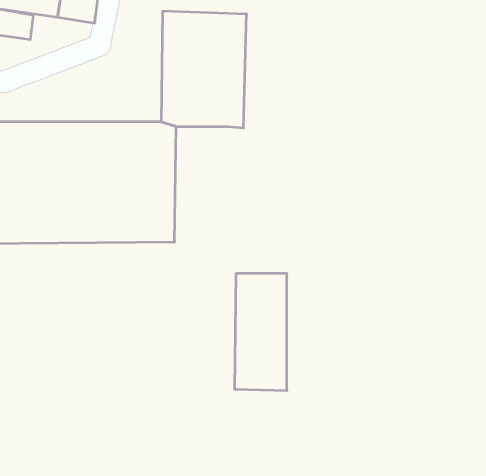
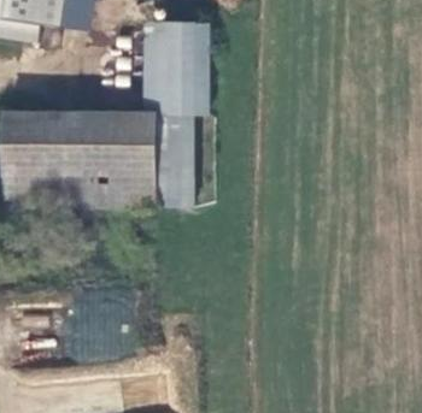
building: [234,274,287,391] -> [154,113,197,207]

